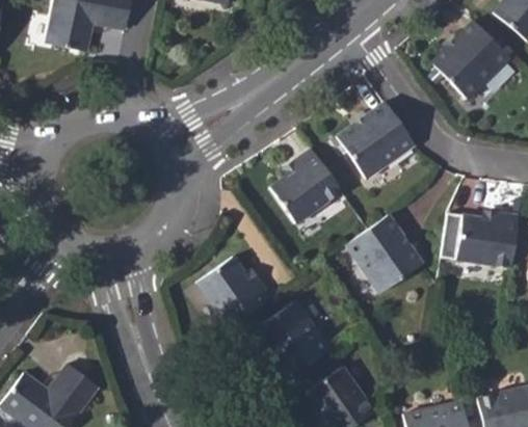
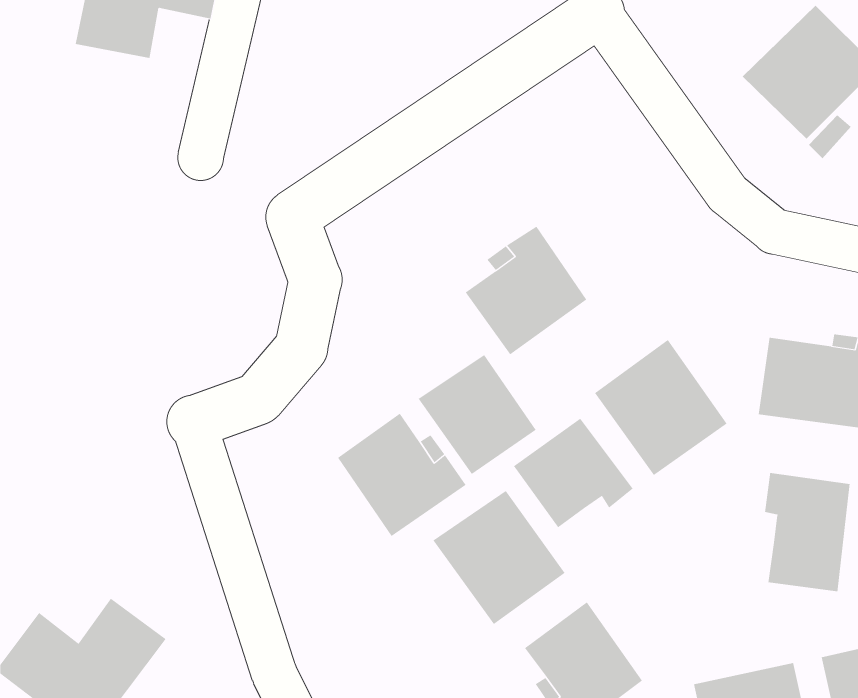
building: [337,102,416,179] -> none
building: none -> [418,354,537,475]
building: none -> [513,418,634,528]
building: none -> [764,472,850,592]

